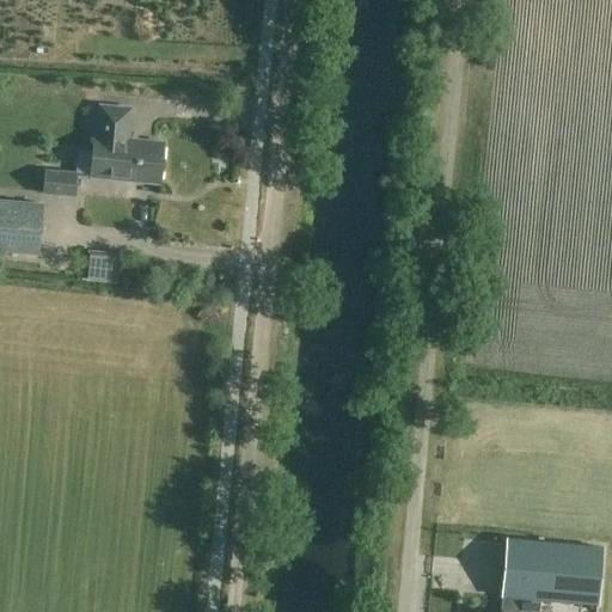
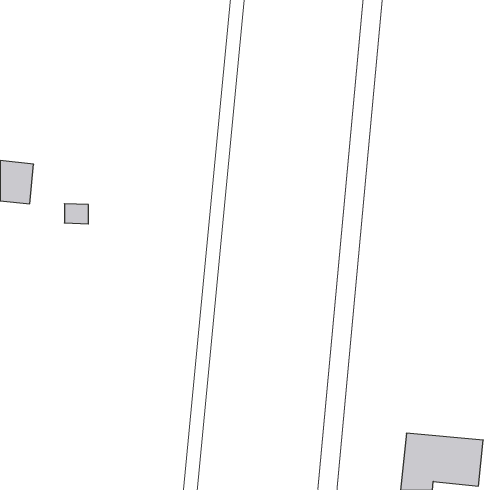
building: [90,105,163,183] -> none
building: [44,170,78,195] -> none

